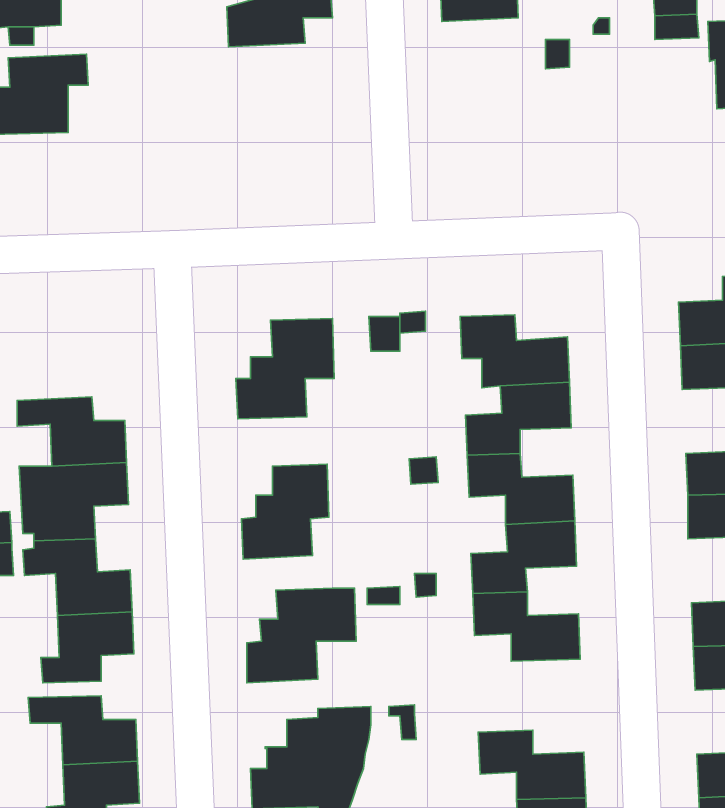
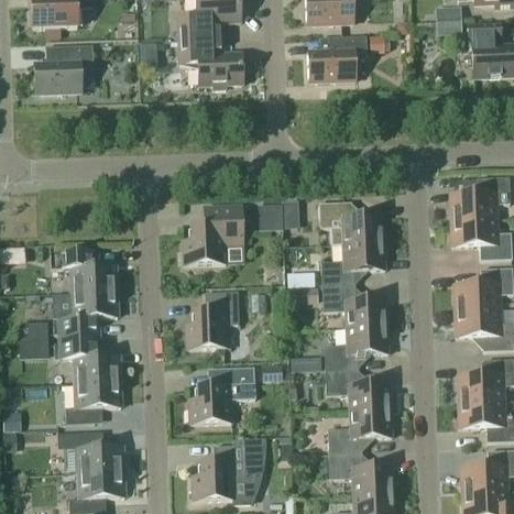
building: none -> [308,35,368,81]
building: none -> [178,37,243,88]
building: none -> [328,409,392,453]

